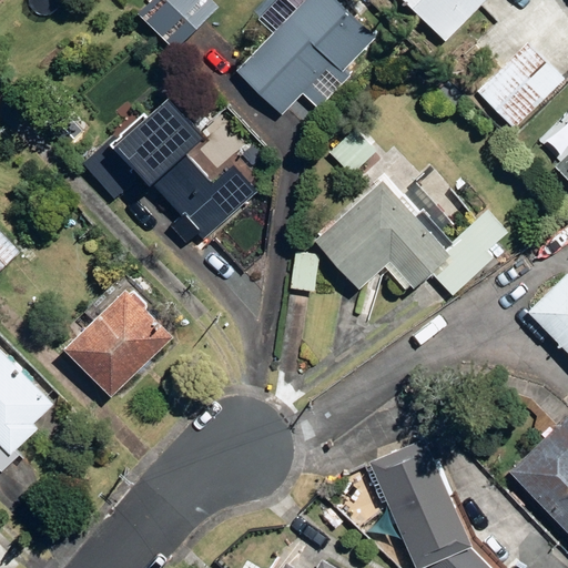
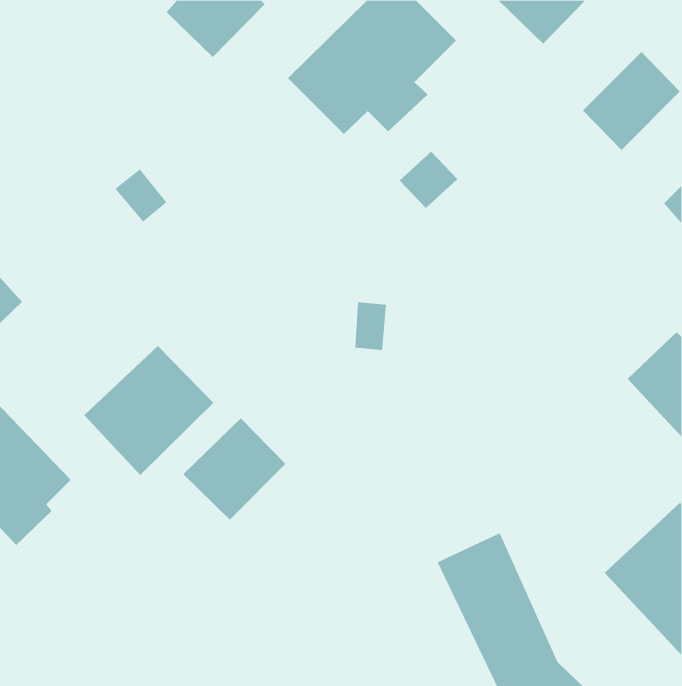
building: [129,87,260,241] -> none
building: [322,175,511,293] -> none
building: none -> [183,417,286,521]

